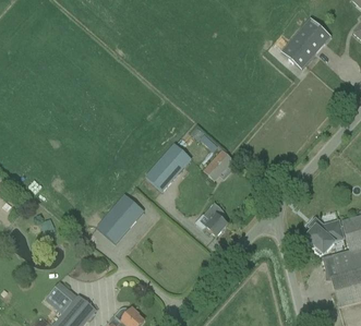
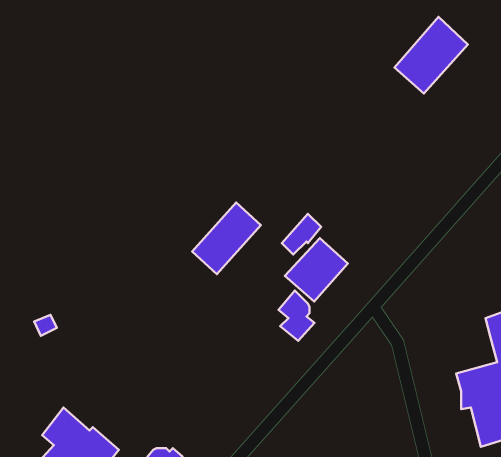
building: none -> [285,238,348,301]
building: [101,194,144,243] -> none
building: [304,217,344,255] -> none

